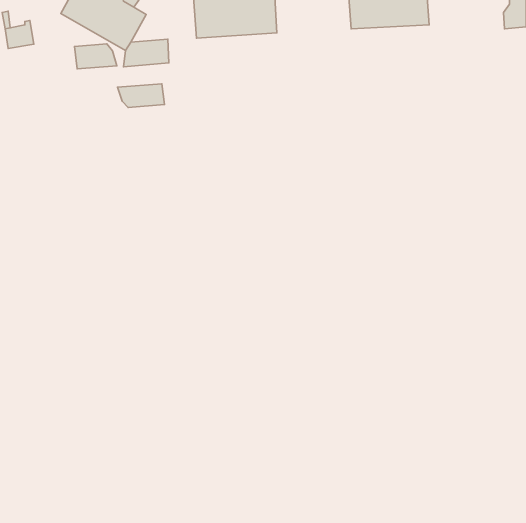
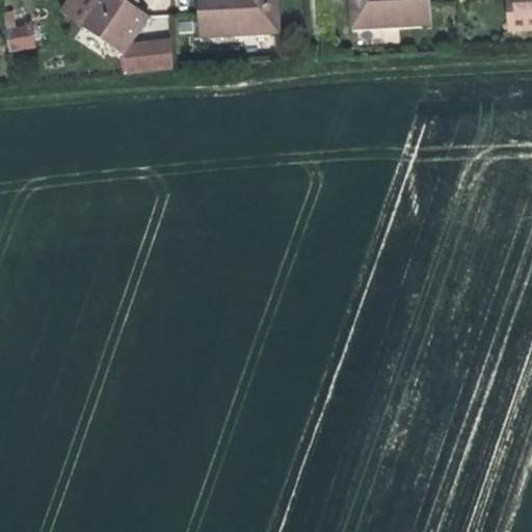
building: [74,44,117,69] -> none
building: [118,84,165,108] -> none

